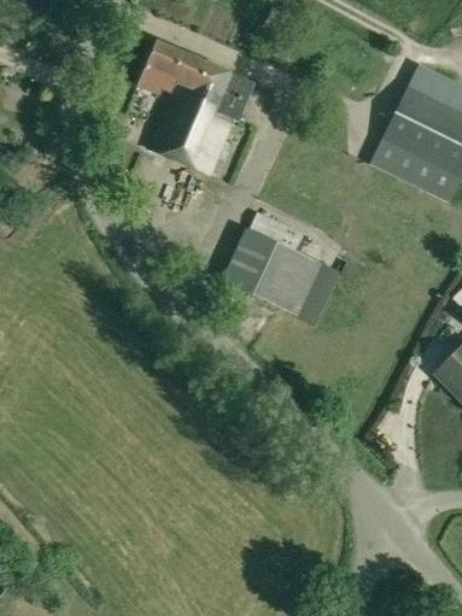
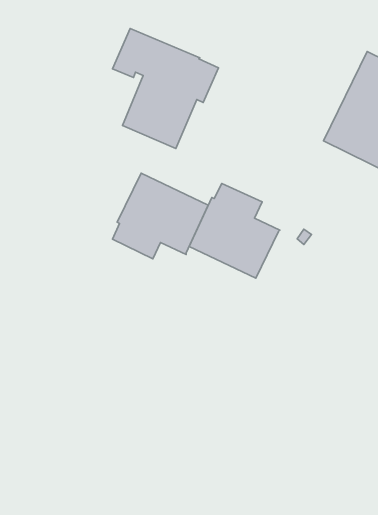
building: none -> [112,173,208,259]
building: [296,264,339,324] -> none

